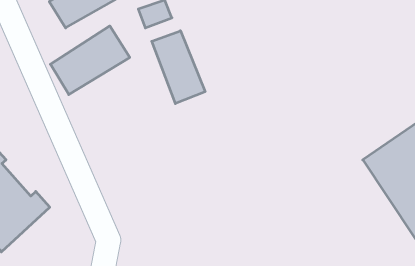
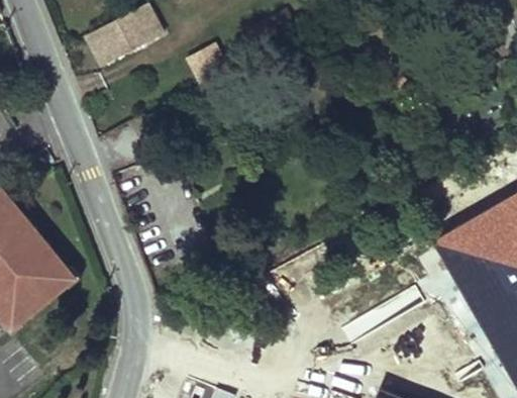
building: [50,26,130,95] -> none
building: [152,31,205,104] -> none

